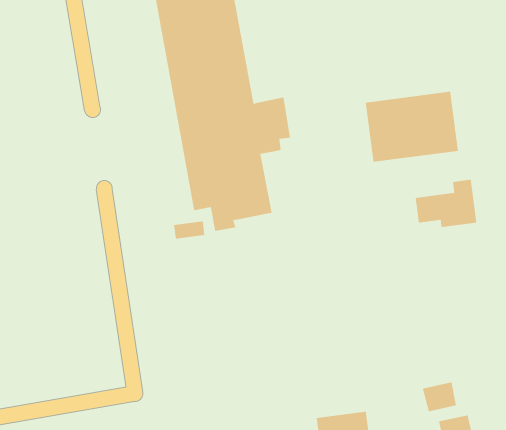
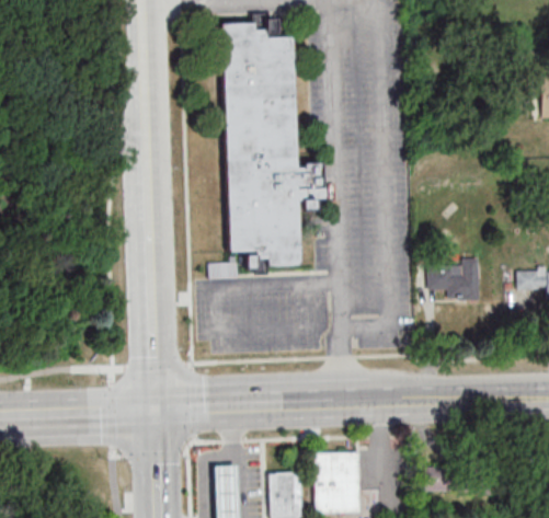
building: [365,91,458,163] -> none
building: [422,381,457,412] -> none

